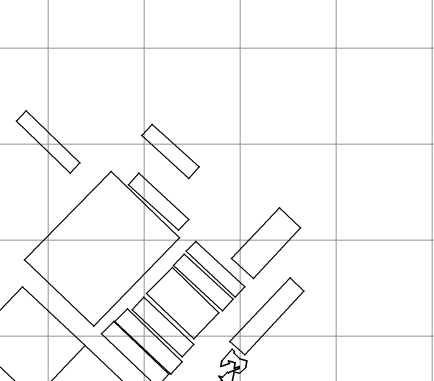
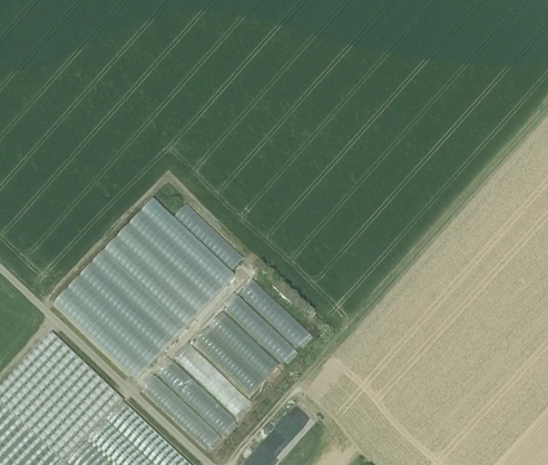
building: [16,111,80,173] -> none
building: [142,125,199,179] -> none
building: [231,208,301,278] -> none
building: [230,278,304,355] -> none

